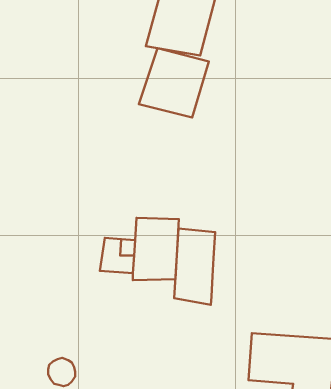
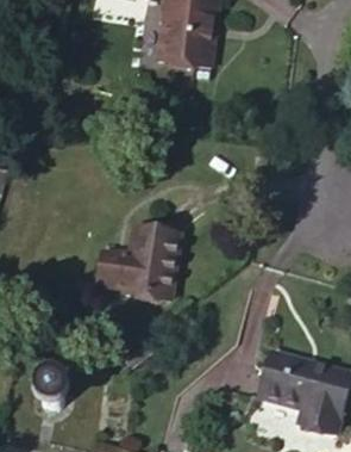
building: [139,48,209,118] -> none
building: [174,229,215,305] -> none

